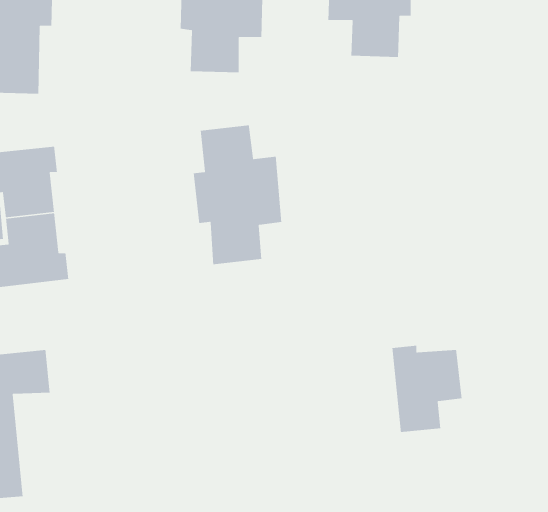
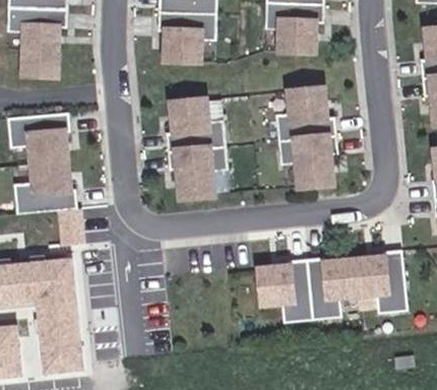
building: none -> [273,85,338,186]
building: none -> [355,247,410,312]
building: none -> [260,257,314,321]
building: none -> [38,289,71,364]

